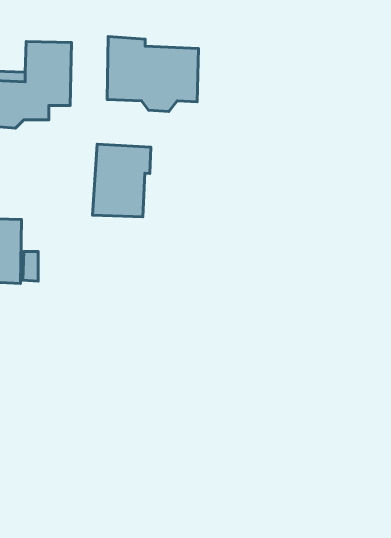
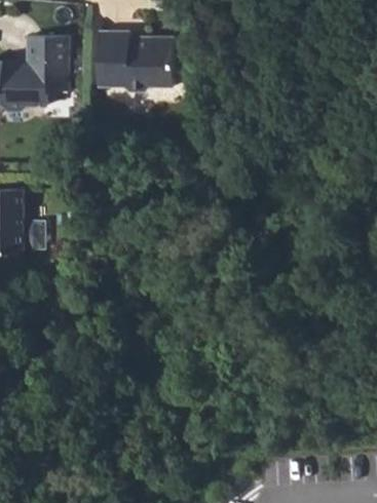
building: [93,144,151,217] -> none

